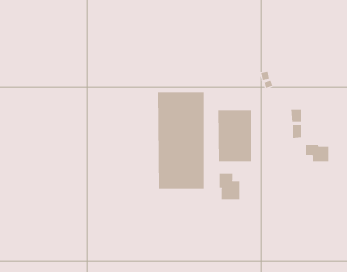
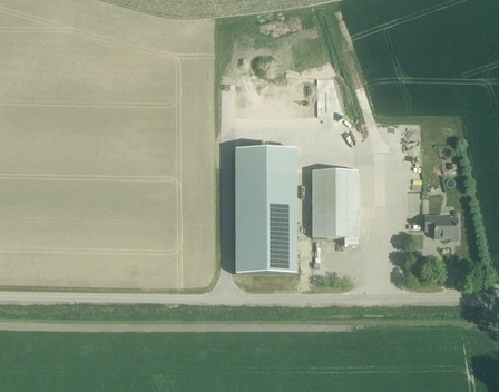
building: [219,173,240,200] -> none

